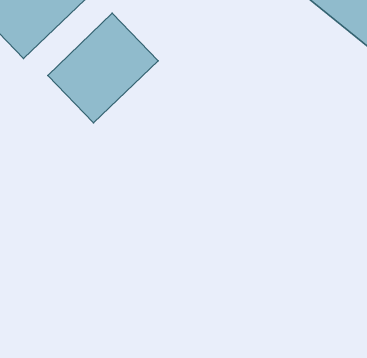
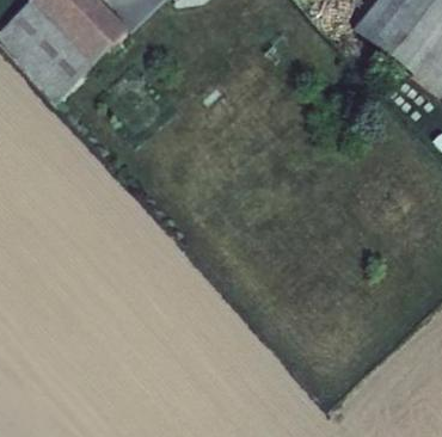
building: [48,13,158,123] -> none

